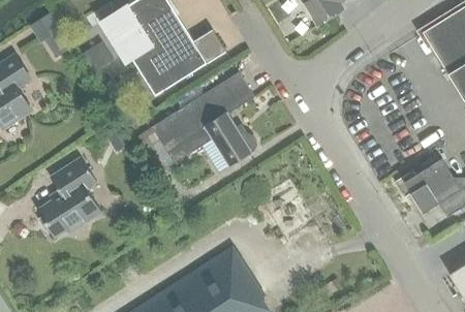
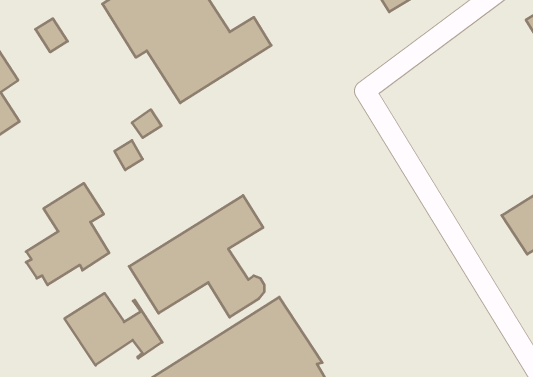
building: [151,72,255,166] -> [129,195,264,317]
building: none -> [65,293,162,365]

